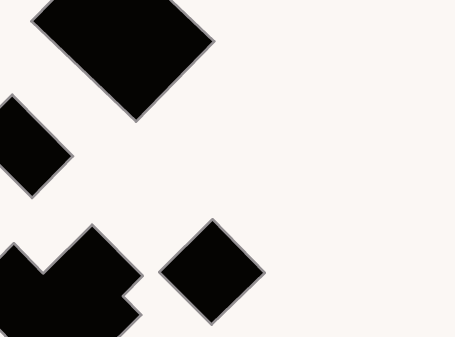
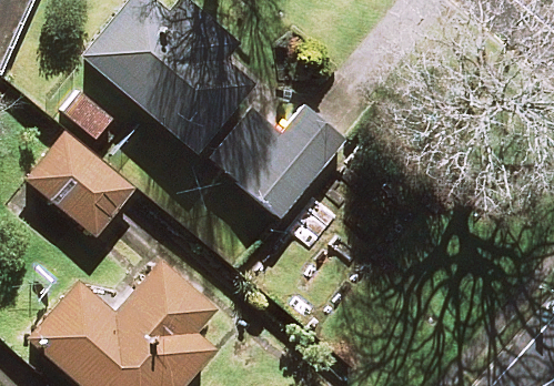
building: none -> [209,109,343,217]
building: [159,219,265,325] -> none

